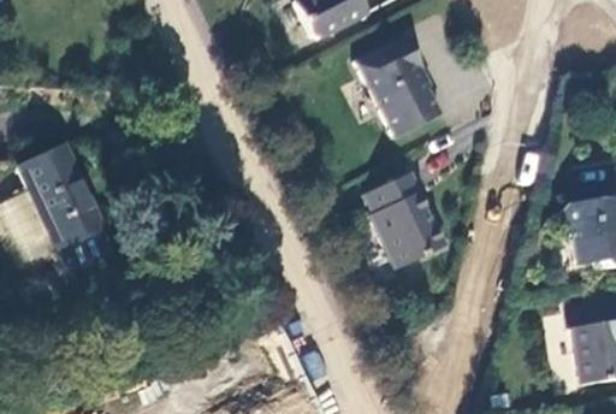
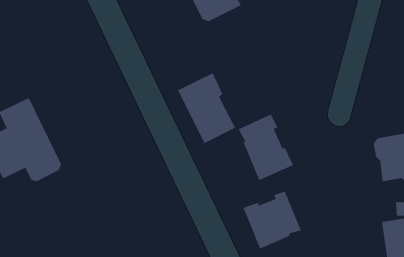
building: [356,35,440,137] -> [177,73,236,144]
building: none -> [243,191,301,249]

